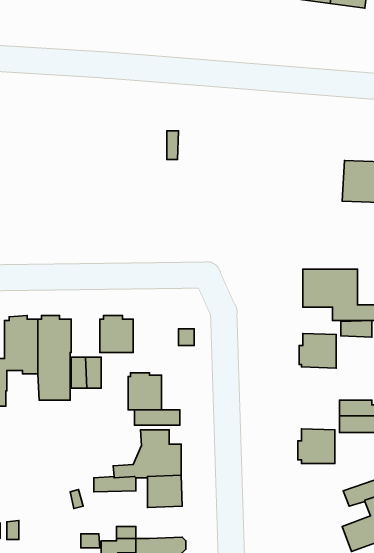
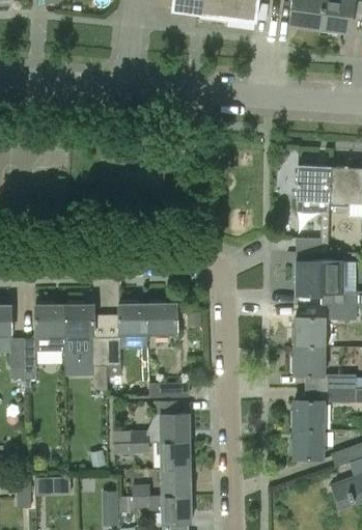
building: none -> [296,165,332,253]
building: none -> [291,346,325,376]
building: [128,373,162,410] -> [148,302,177,334]
building: none -> [290,430,324,459]
building: none -> [161,468,191,496]

